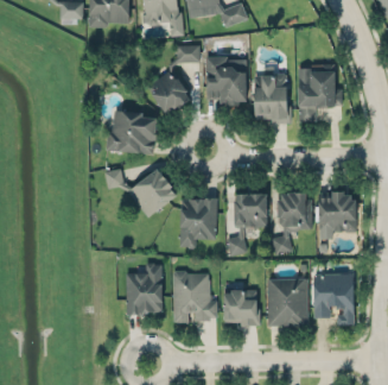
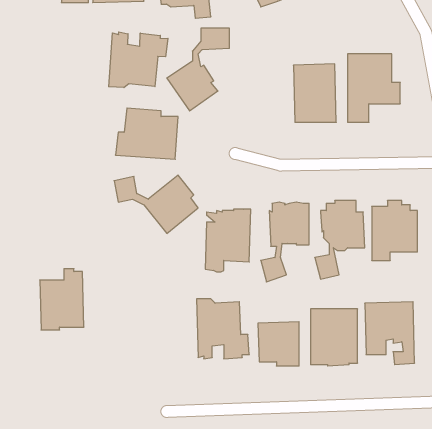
building: none -> [109,32,168,88]
building: [205,56,247,105] -> none
building: [125,263,161,314] -> [40,269,84,330]

